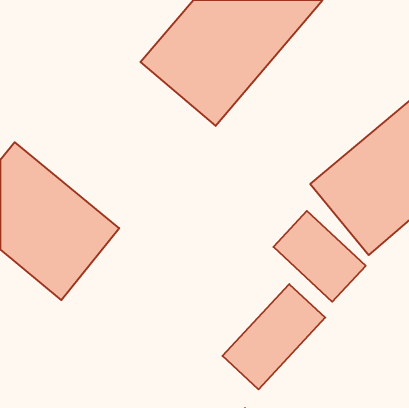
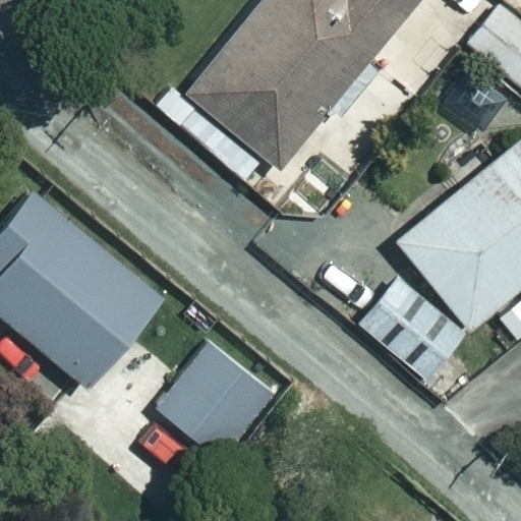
building: none -> [155,339,278,463]
building: [222,284,325,389] -> none

